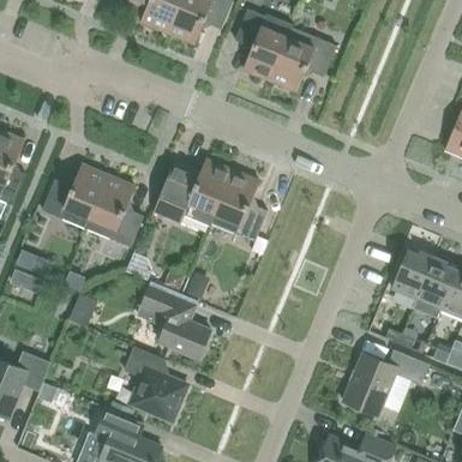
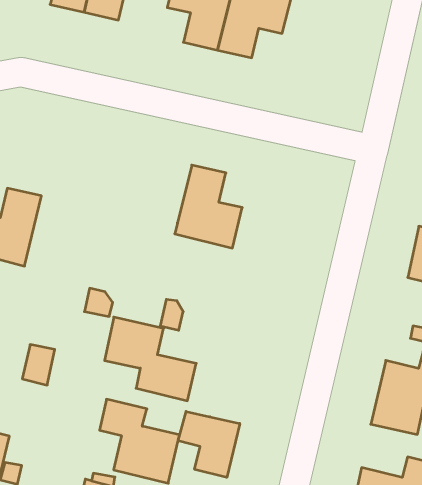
building: [152,158,233,224] -> none
building: [85,174,143,246] -> none
building: none -> [178,411,240,477]

